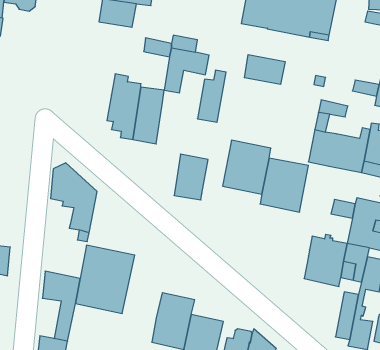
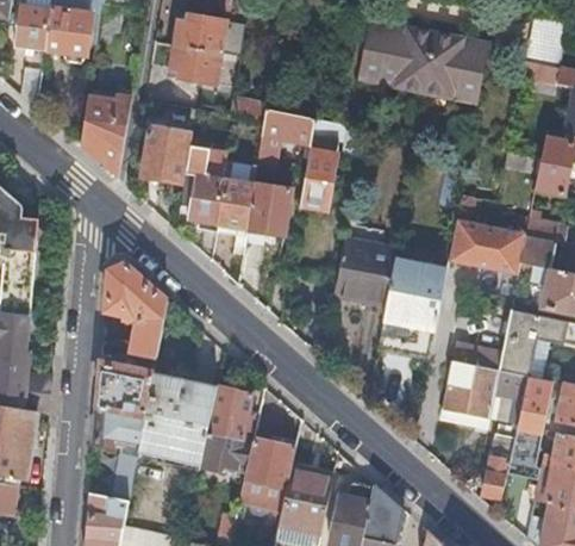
building: none -> [79,89,131,176]
building: [244,55,285,84] -> none
building: none -> [140,125,188,182]
building: [174,154,208,200] -> [245,182,290,243]
building: none -> [98,361,152,416]
building: none -> [200,385,254,469]

